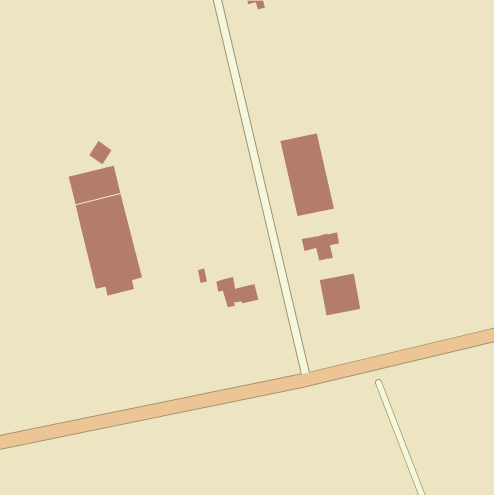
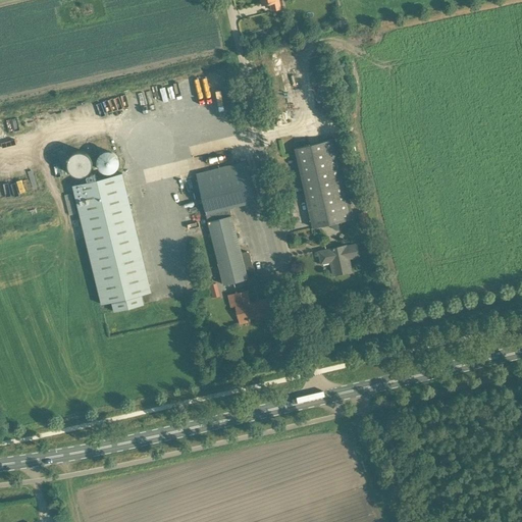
building: none -> [65,151,88,175]
building: none -> [195,162,254,285]
building: [319,273,361,316] -> none

